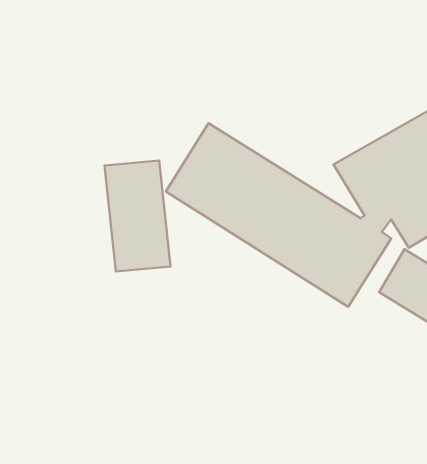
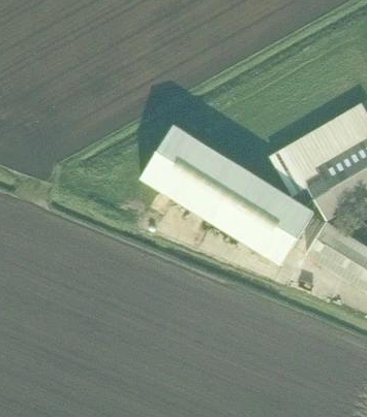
building: [105,161,170,272] -> none

